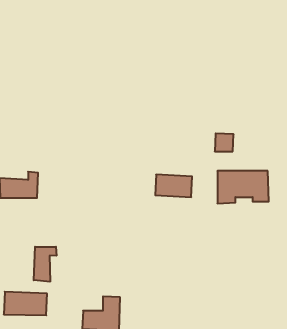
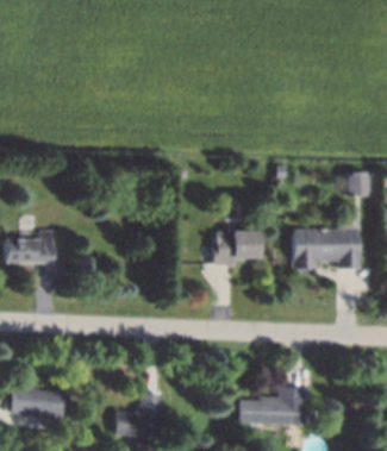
building: [215,133,234,151] -> [344,174,369,198]
building: [34,247,56,282] -> none
building: none -> [239,387,307,427]

